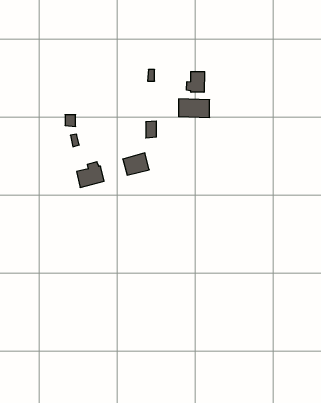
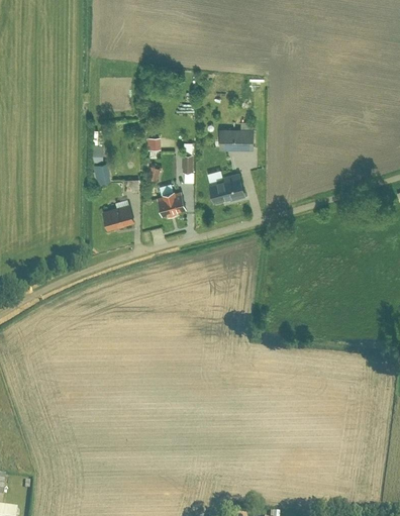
building: [187,72,205,92] -> none
building: none -> [208,174,243,204]

